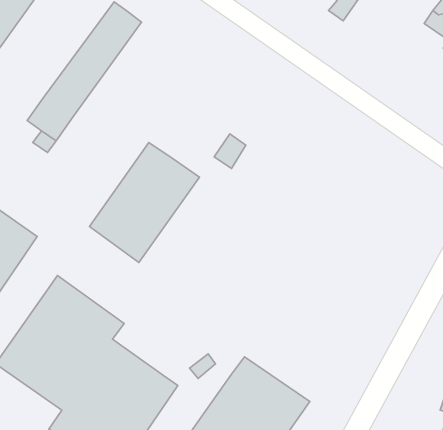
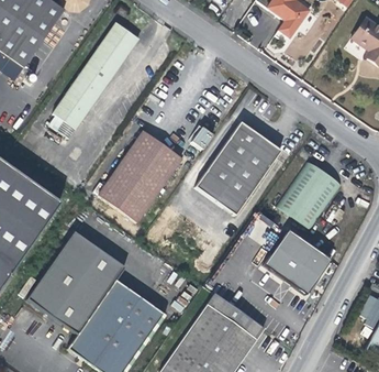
building: none -> [194,122,279,215]
building: none -> [276,160,342,229]
building: none -> [266,228,334,294]

